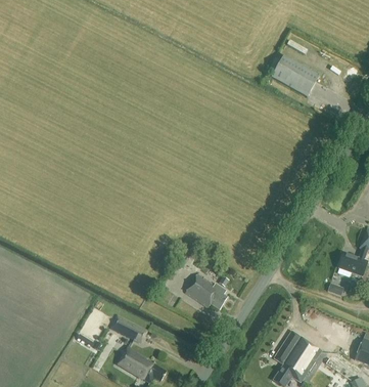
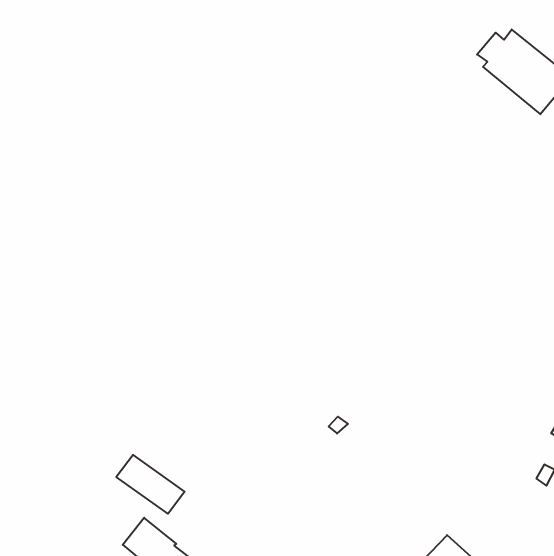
building: [186,273,228,309] -> none

